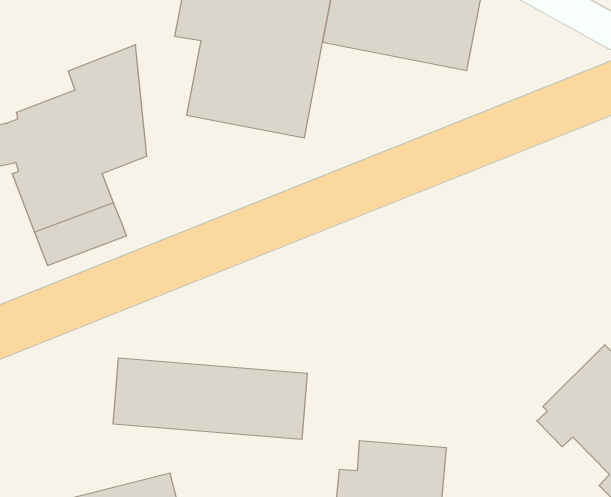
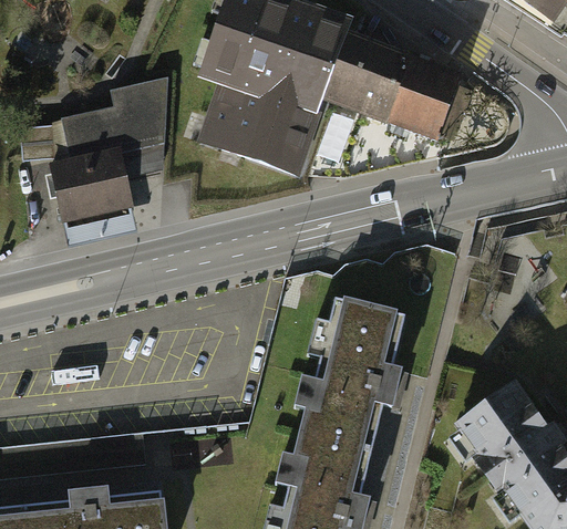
building: none -> [296,297,406,446]
building: [113,358,307,439] -> none

